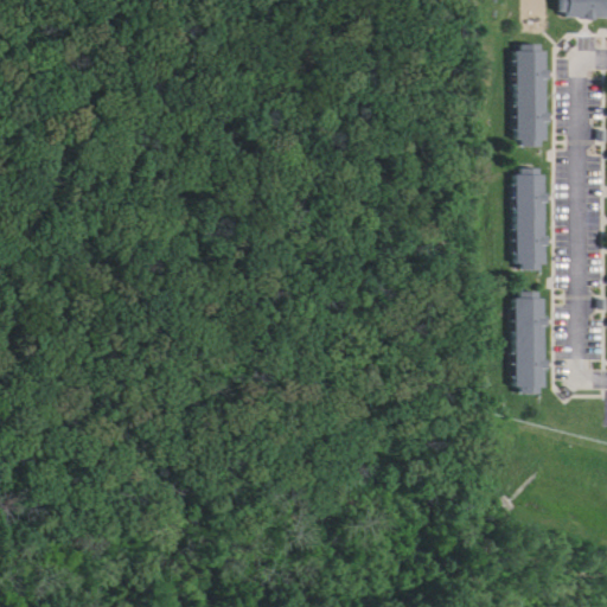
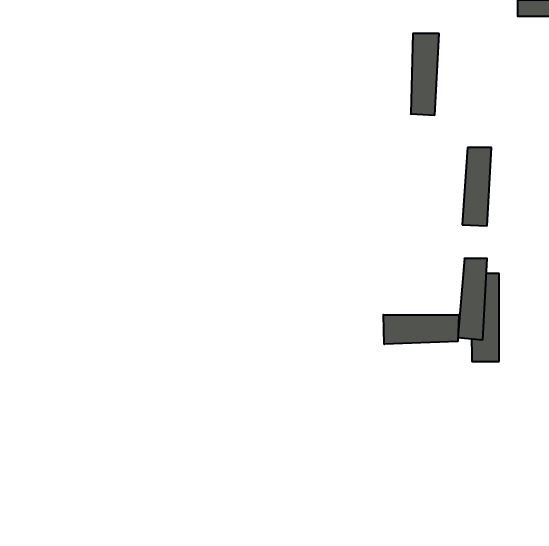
building: [517,44,548,133] -> [411,34,439,115]
building: none -> [383,315,459,344]

